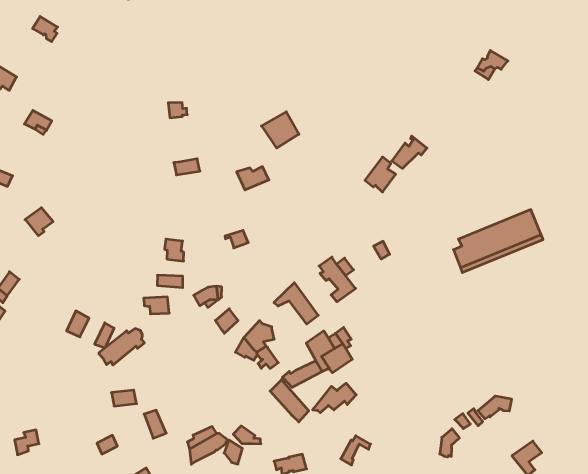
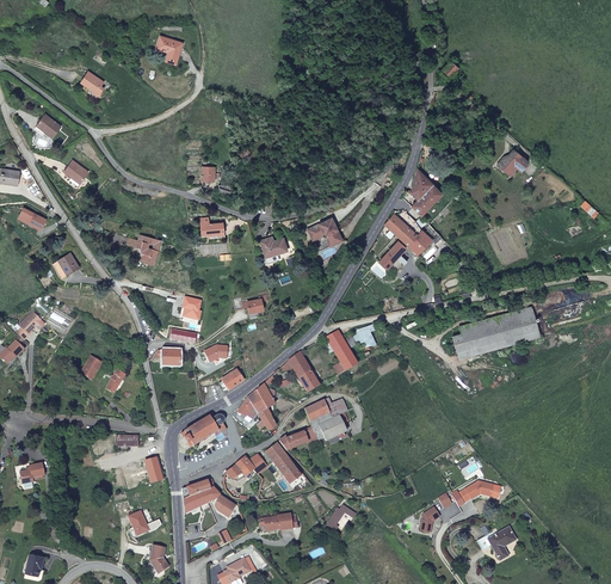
building: none -> [409,170,440,216]
building: [261,112,299,148] -> [307,220,341,253]
building: none -> [384,205,420,246]
building: none -> [125,235,160,265]
building: [99,329,144,365] -> [181,413,226,445]
building: [313,383,356,413] -> [224,454,267,479]

